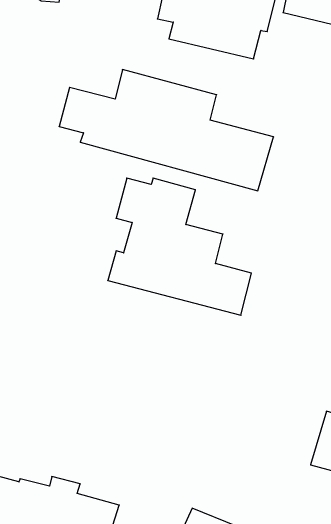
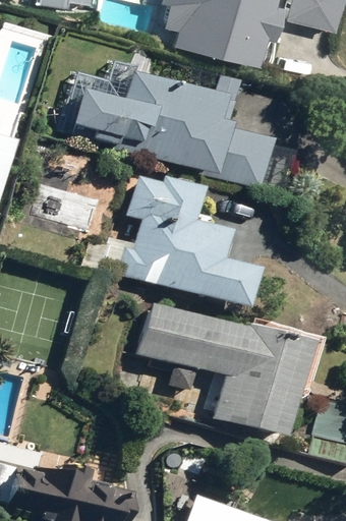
building: none -> [140,301,309,436]

